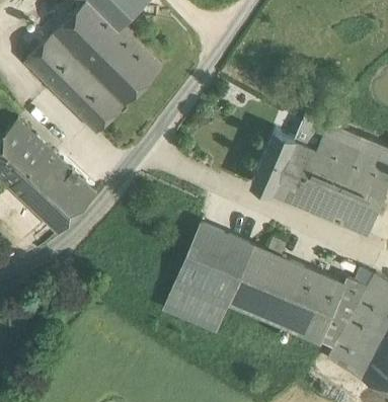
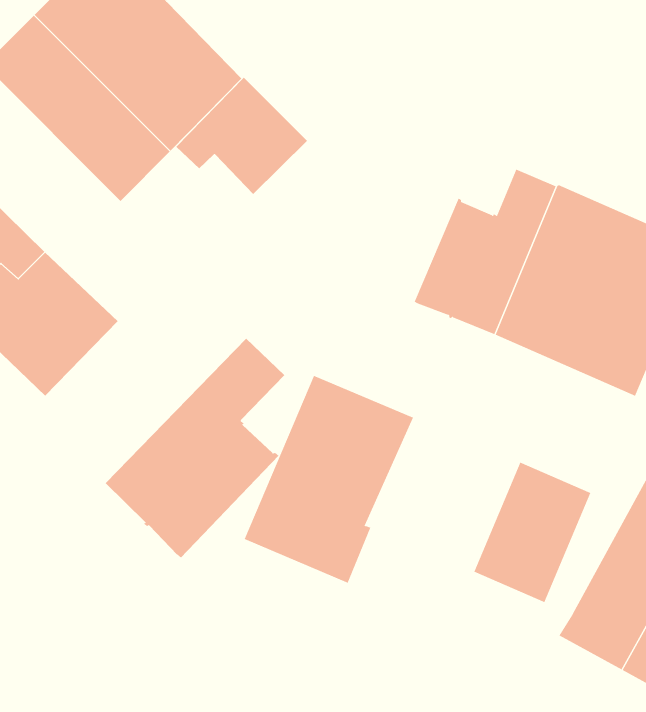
building: none -> [175,77,308,195]
building: none -> [105,338,285,558]
building: [227,246,308,327] -> none
building: [321,278,369,349] -> none

